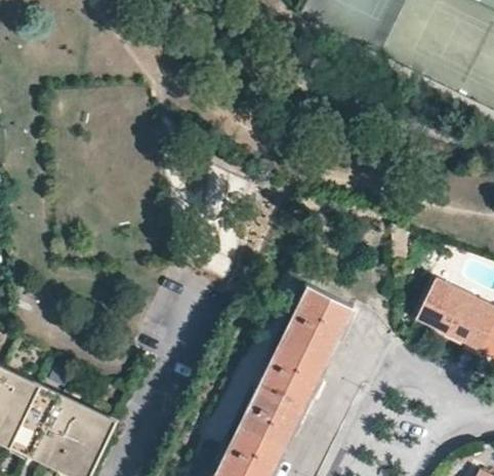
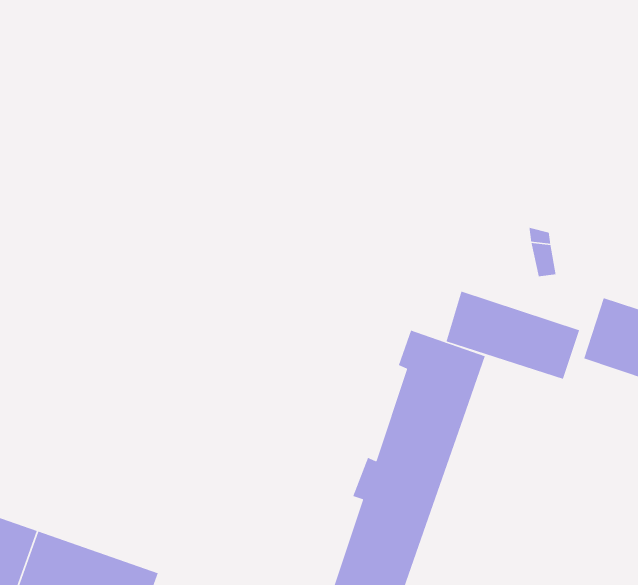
building: none -> [445,291,580,380]

